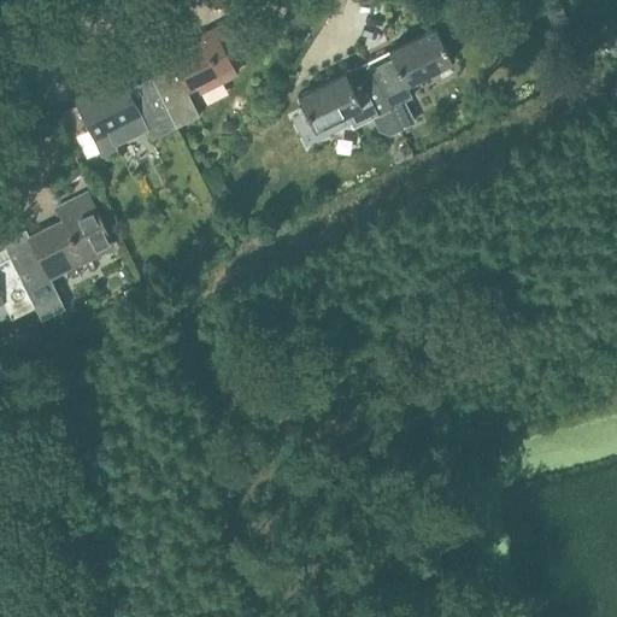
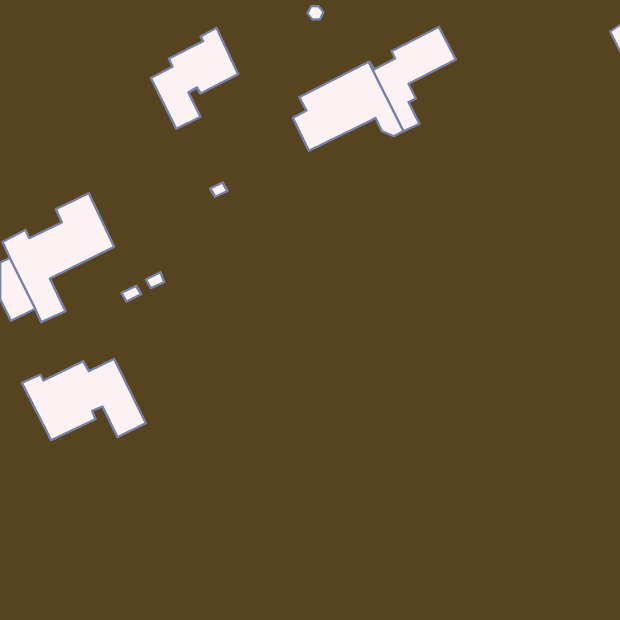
building: [74,78,176,157] -> none
building: none -> [22,359,146,440]

